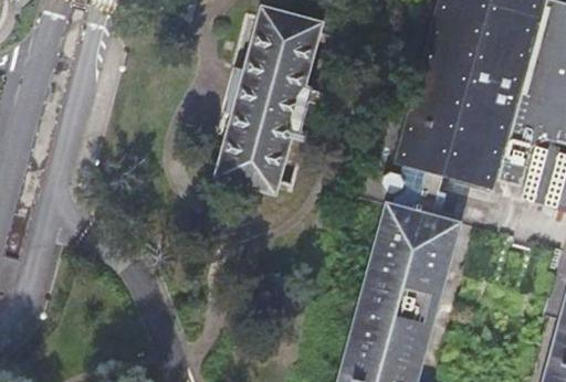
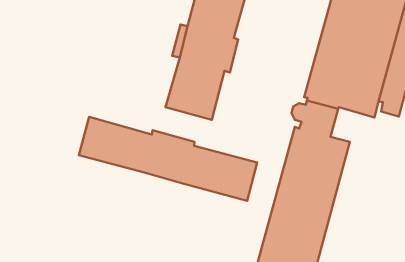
building: none -> [79,117,257,201]

